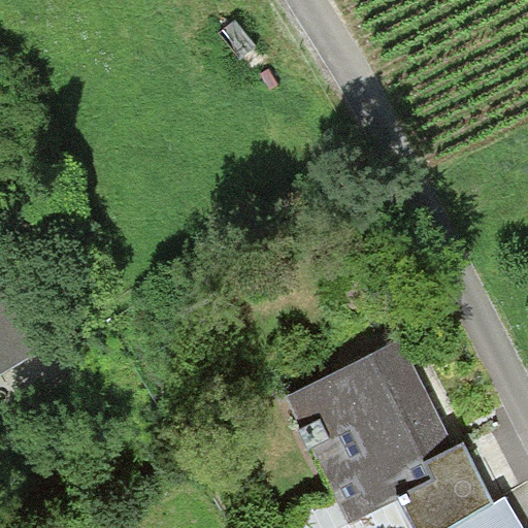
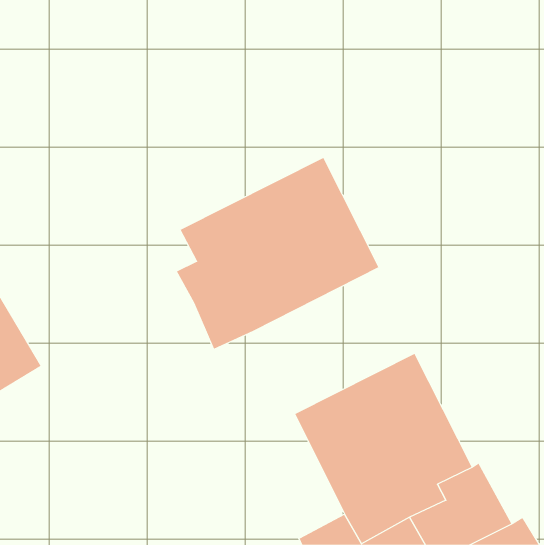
building: none -> [176,157,379,349]

